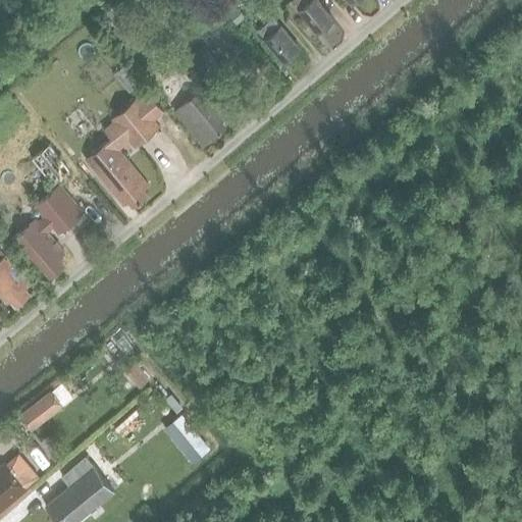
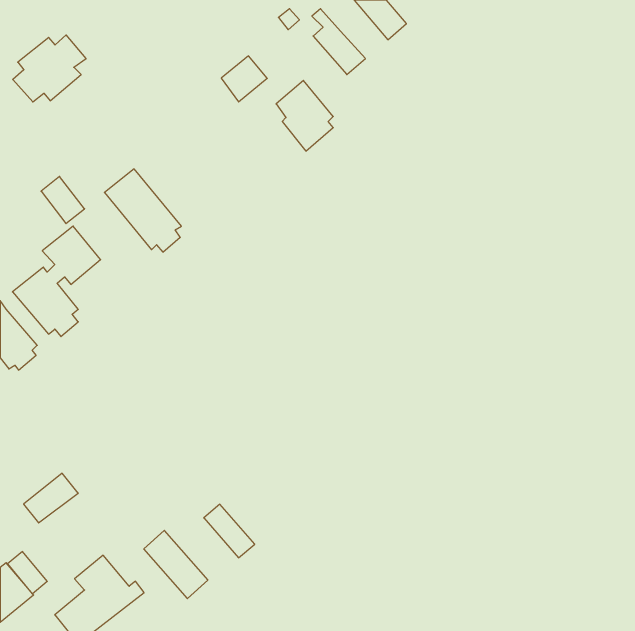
building: [179,91,226,149] -> [276,80,333,151]
building: [103,97,163,152] -> [13,35,86,102]
building: none -> [144,530,208,599]

